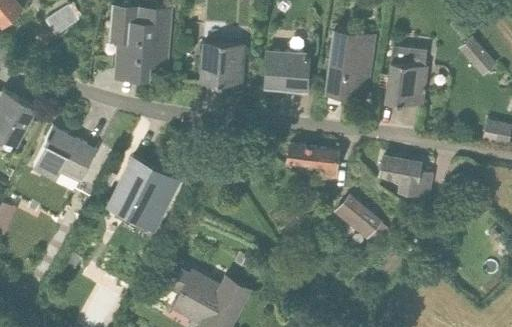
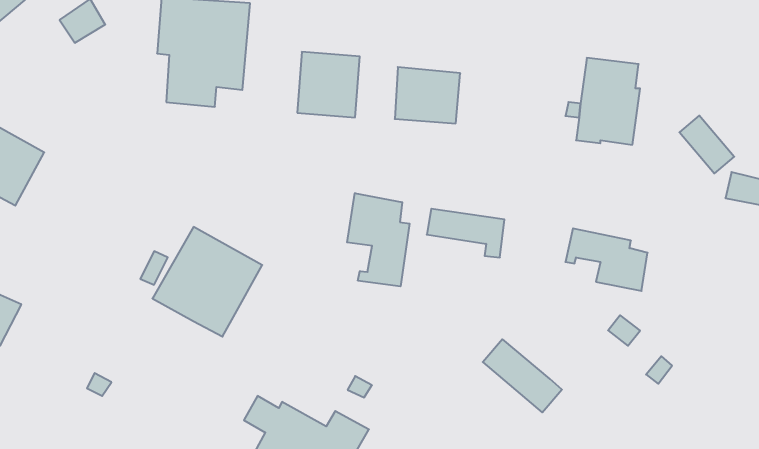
building: [327,32,374,98] -> none
building: [459,38,495,76] -> [679,116,734,173]
building: [33,127,97,180] -> none
building: none -> [347,193,410,286]
building: [336,198,388,246] -> [483,339,562,412]

